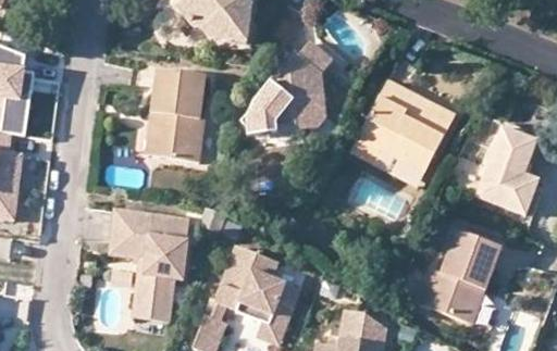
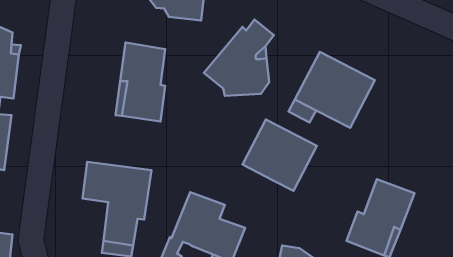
building: [476,127,536,212] -> none
building: none -> [243,119,317,191]

